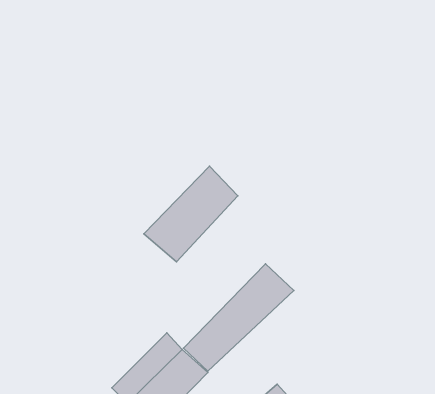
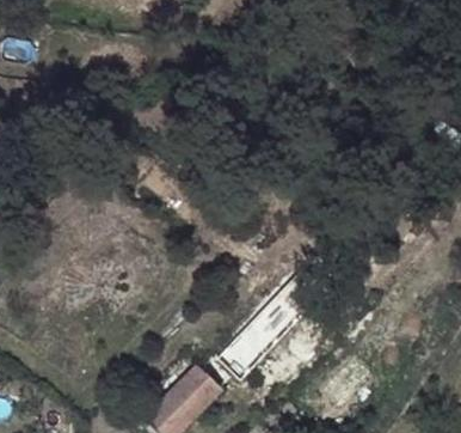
building: [144,166,238,262] -> none

